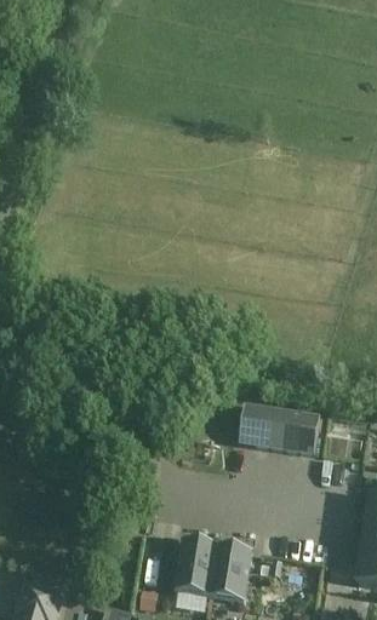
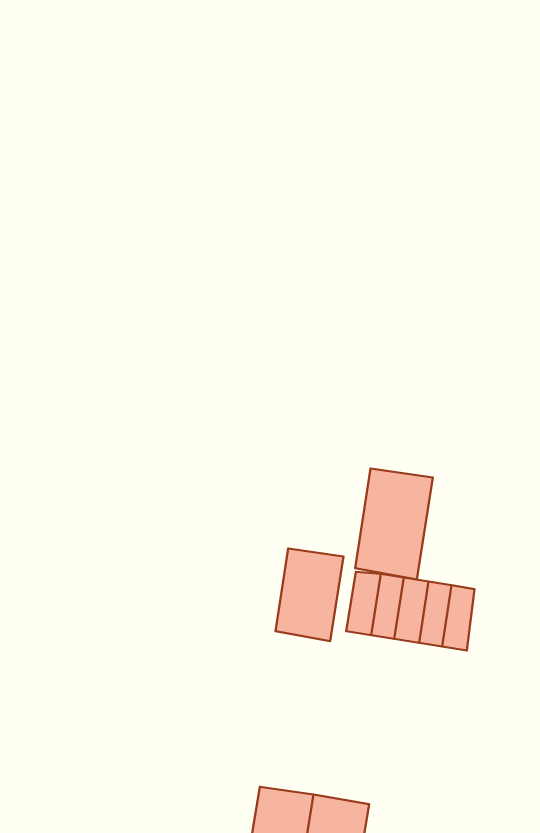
building: none -> [355,468,433,580]
building: none -> [275,548,343,641]

